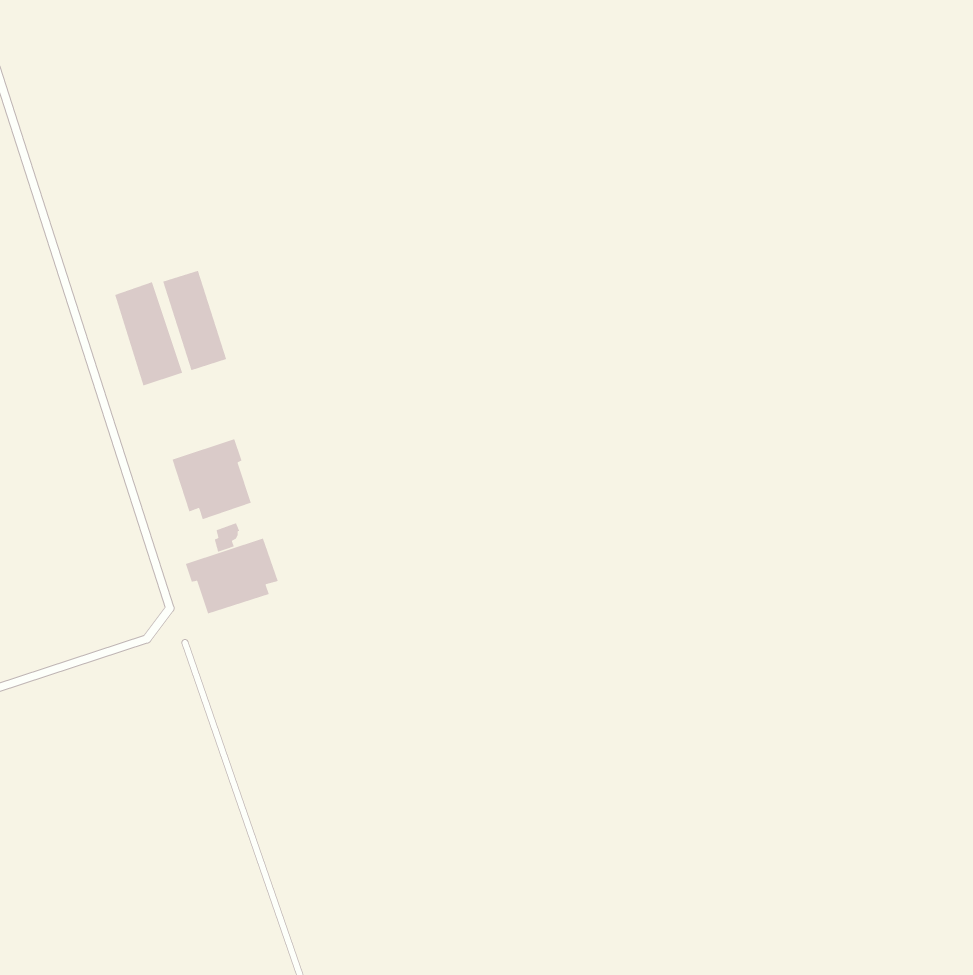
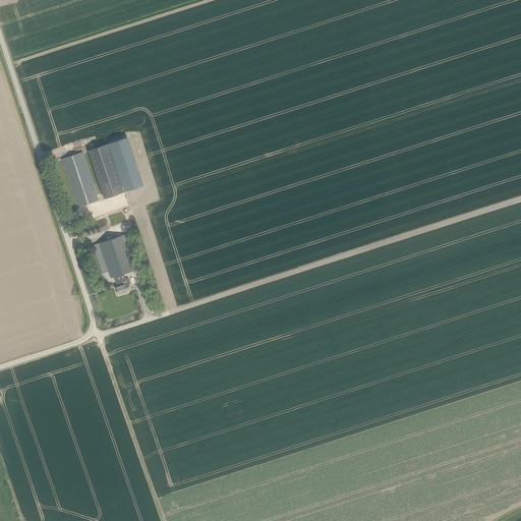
building: none -> [107,137,141,192]
building: [185,537,279,615] -> none

